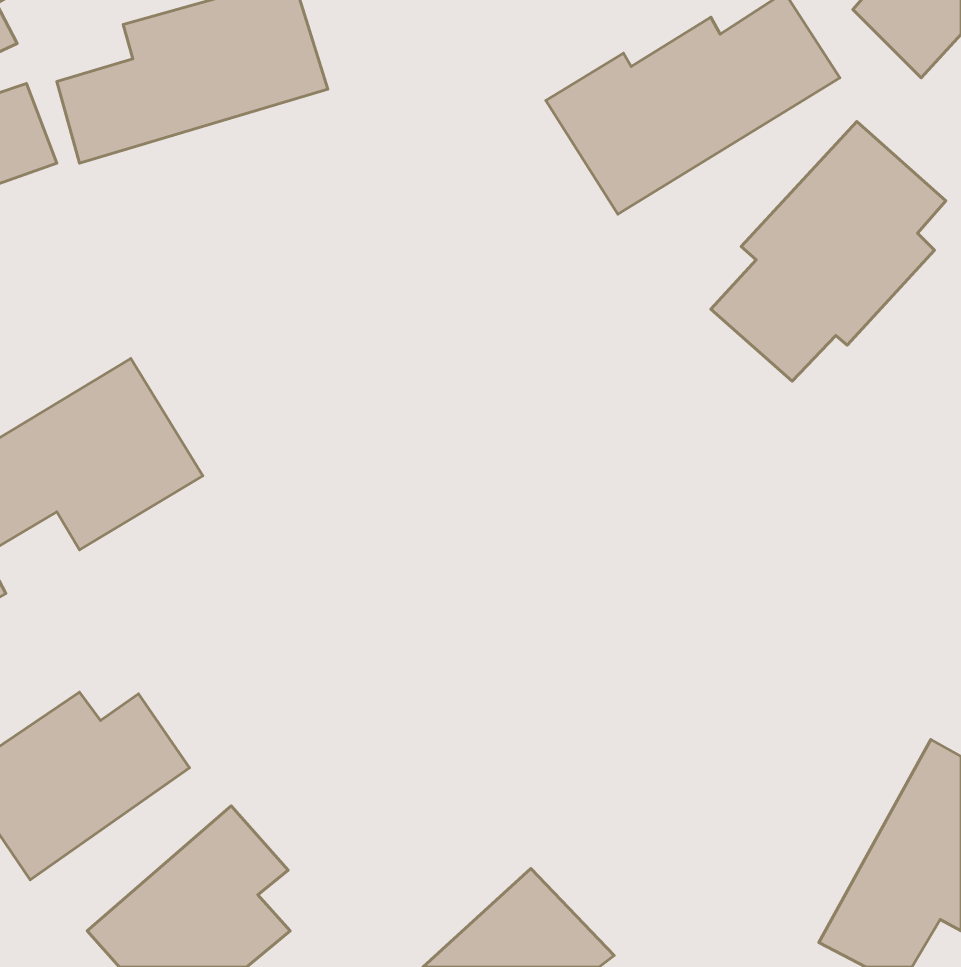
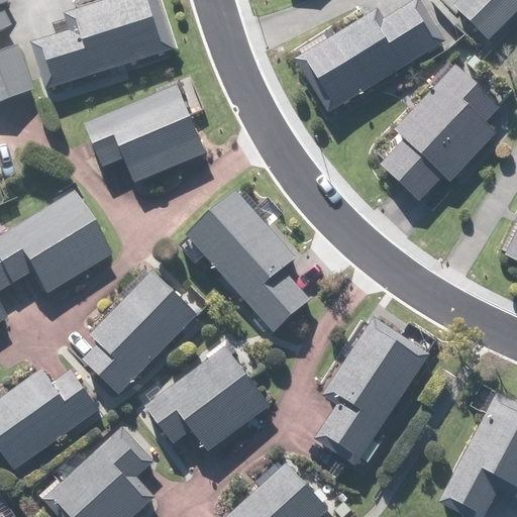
building: none -> [87,85,205,182]
building: none -> [189,192,308,329]
building: none -> [84,271,196,392]
building: none -> [314,318,429,466]
building: none -> [145,344,270,452]

